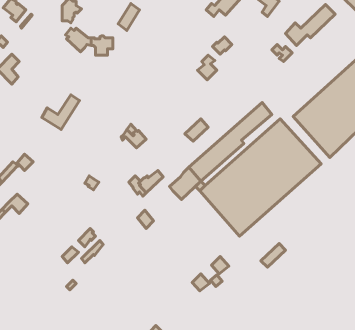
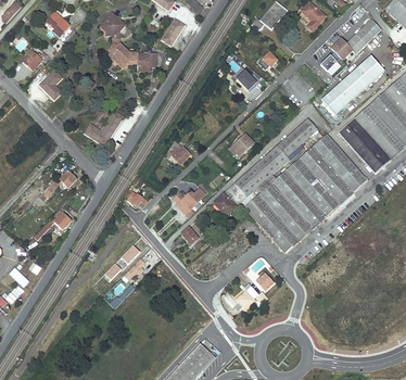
building: none -> [320,53,382,113]

